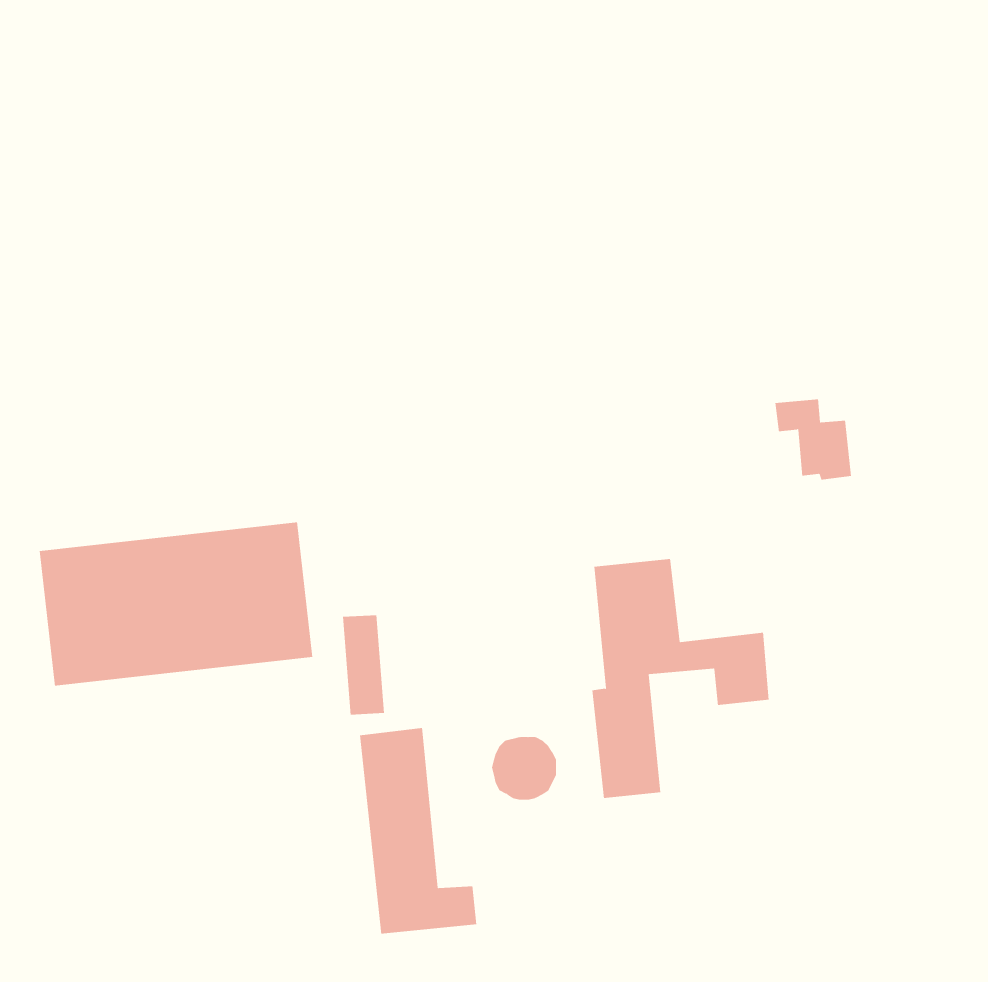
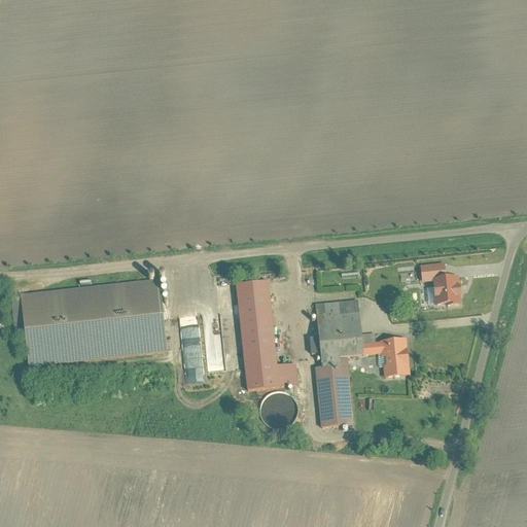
building: [774,399,852,480] -> [421,262,462,306]
building: [359,727,477,934] -> [235,279,297,389]

